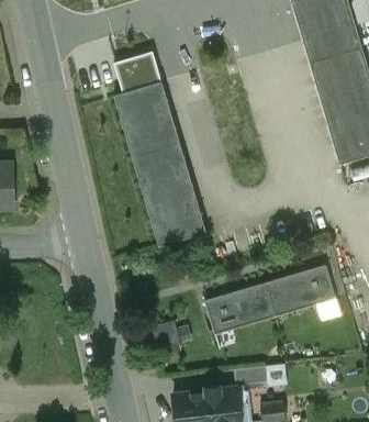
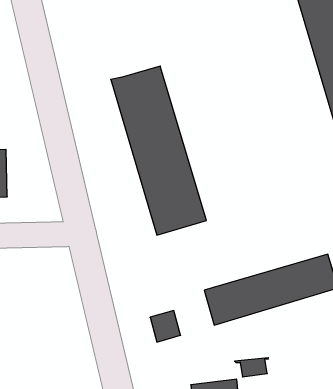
building: [114,51,161,92] -> none

